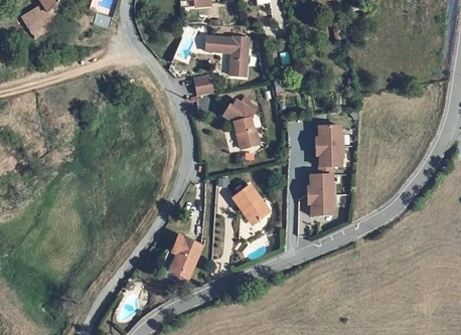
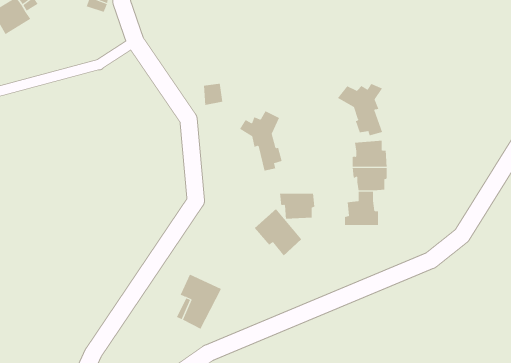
building: [202,36,247,75] -> none
building: none -> [337,83,383,136]
building: [307,192,336,213] -> [279,193,315,219]

